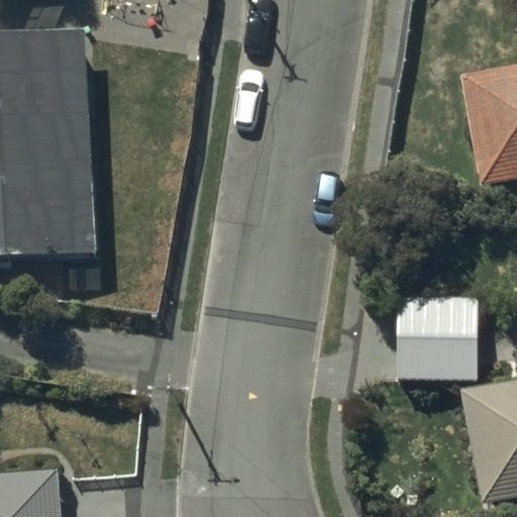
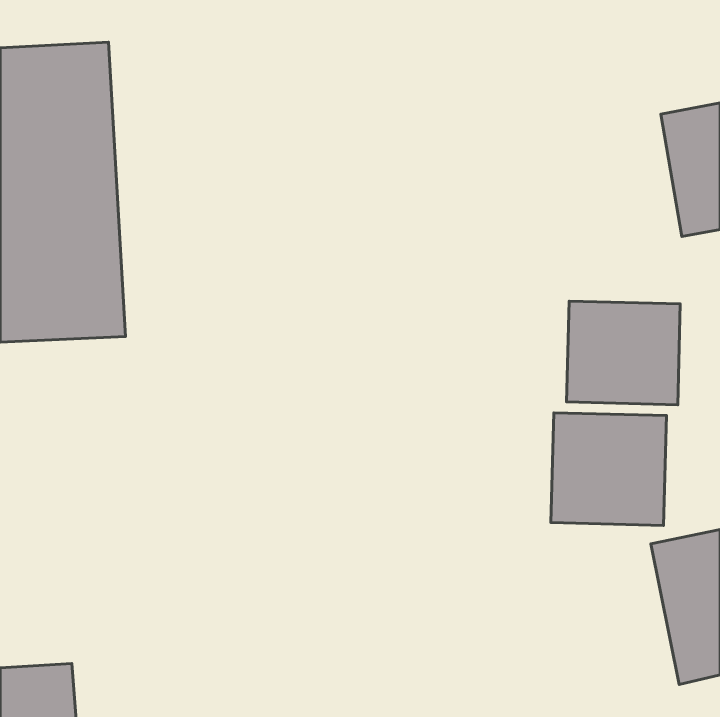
building: none -> [566,301,680,405]

